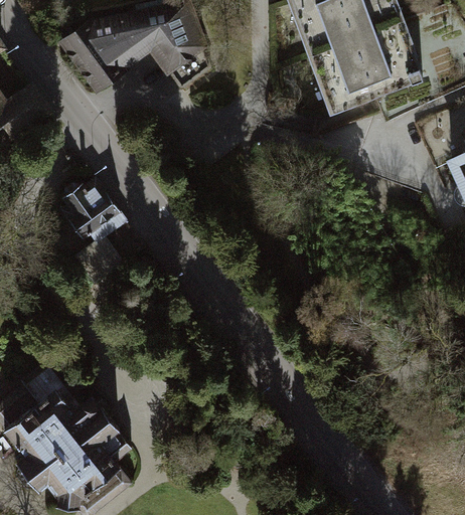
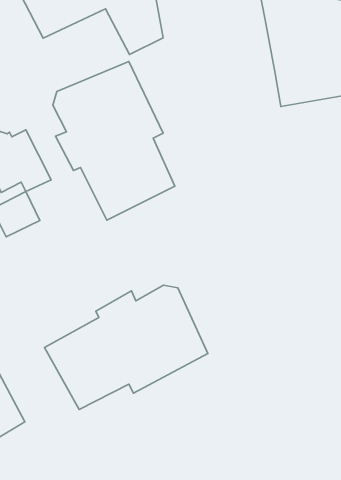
building: none -> [53,62,175,220]
building: none -> [44,285,208,409]

